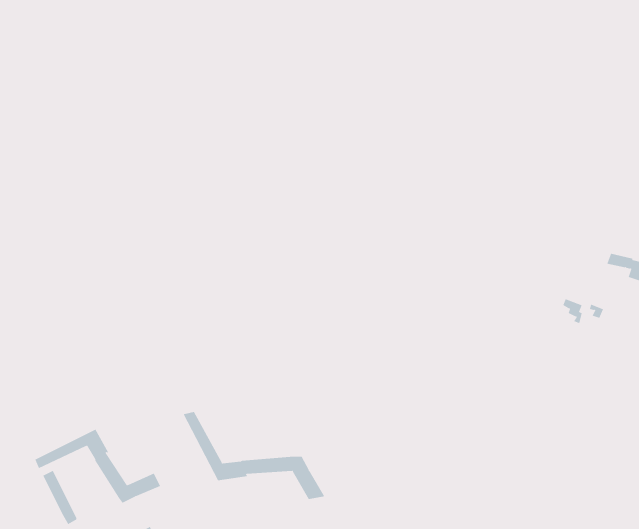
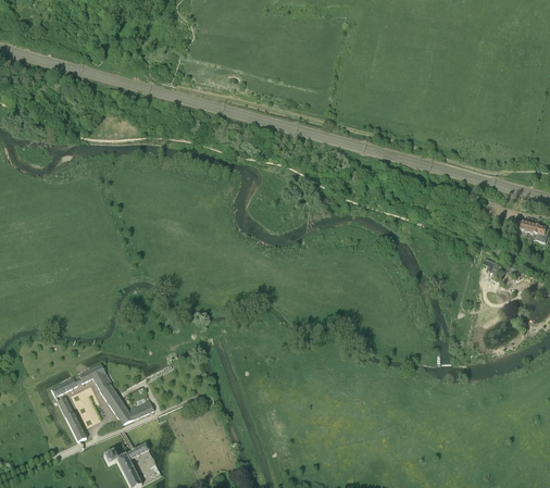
building: [183,411,325,500] -> none

